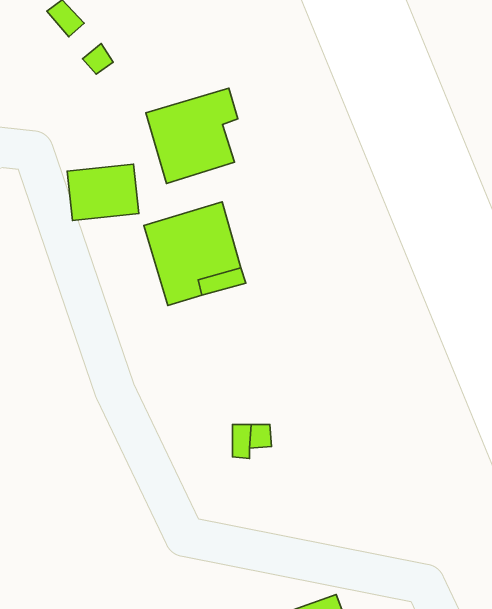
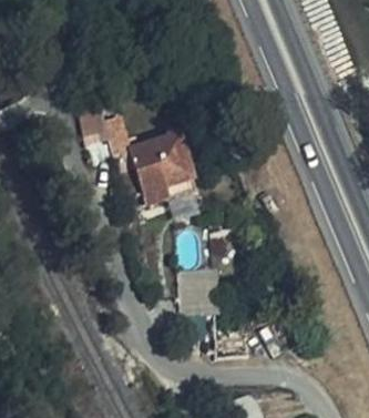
building: [146,88,238,183] -> none

